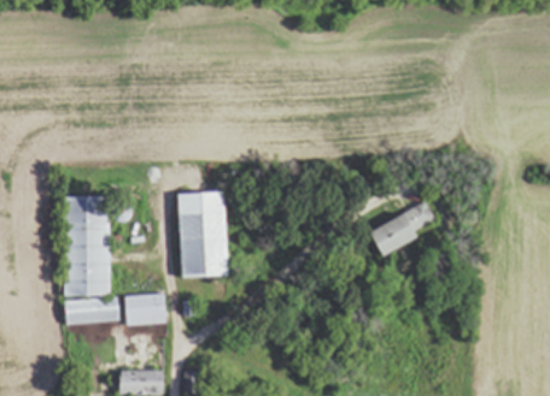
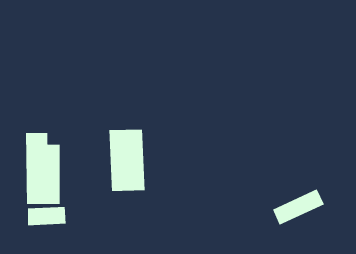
building: [364,201,437,252] -> [272,189,325,225]
building: [125,295,170,325] -> none

